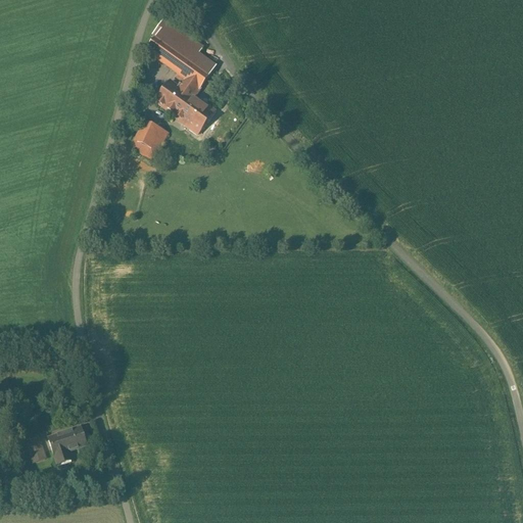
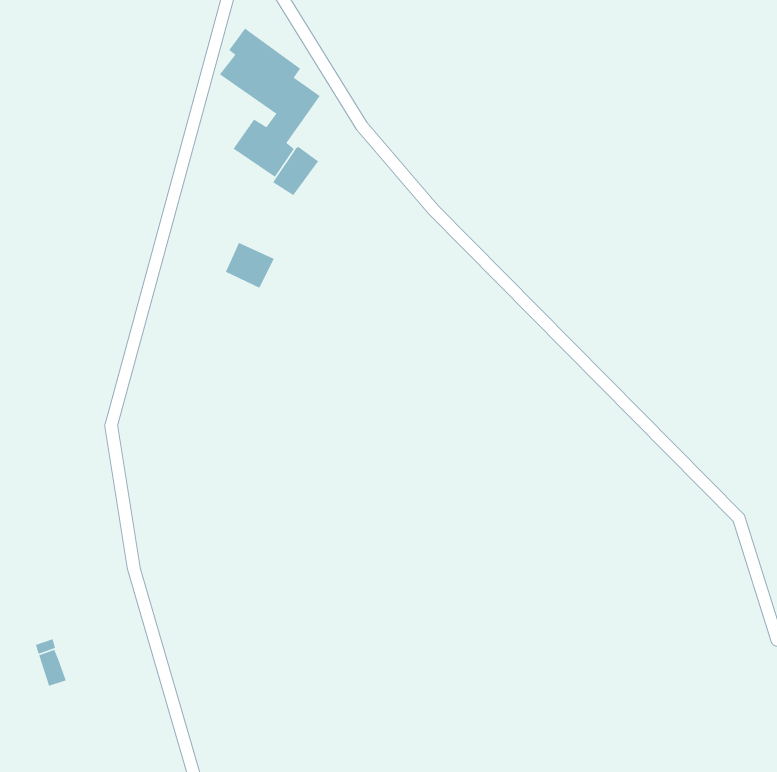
building: [134,120,168,151] -> [225,242,275,289]
building: [48,427,86,465] -> none

